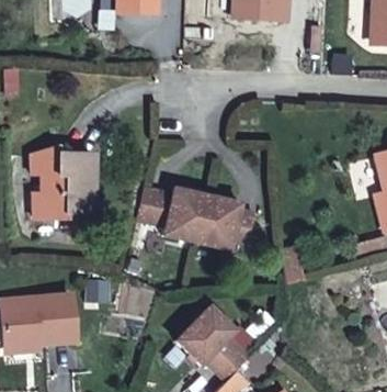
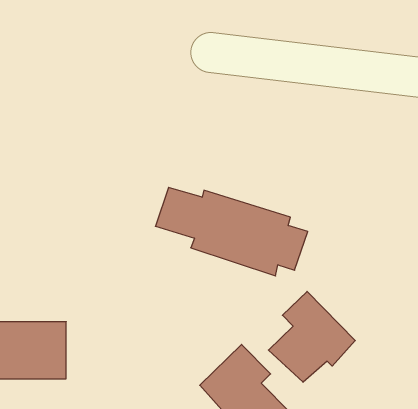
building: [37,148,91,216] -> none
building: none -> [268,291,355,382]

